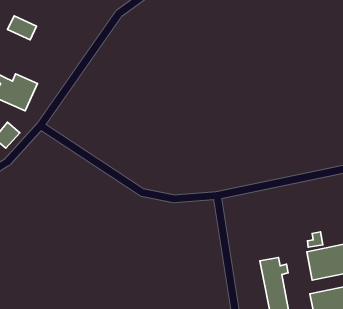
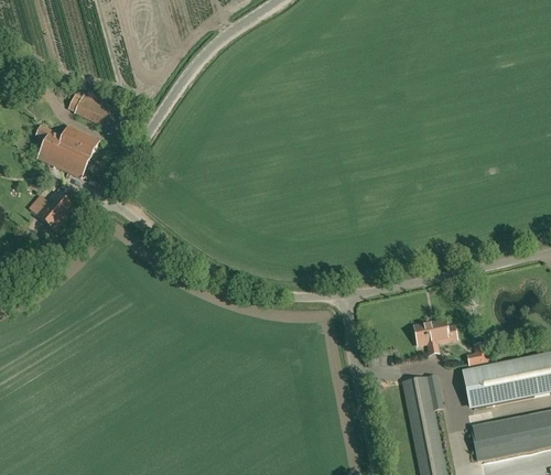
building: [8,16,37,40] -> [75,93,115,126]
building: none -> [414,320,456,354]

